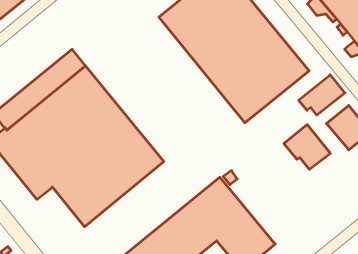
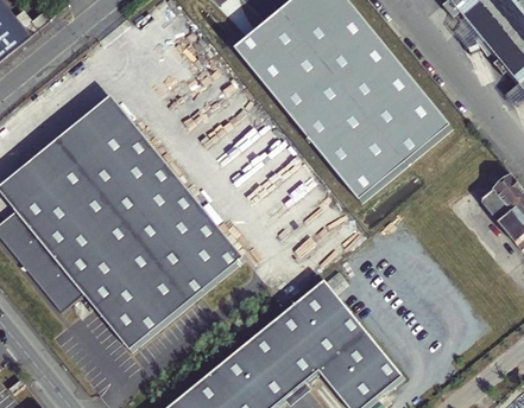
building: [299,75,345,115] -> none
building: [284,125,330,169] -> none

